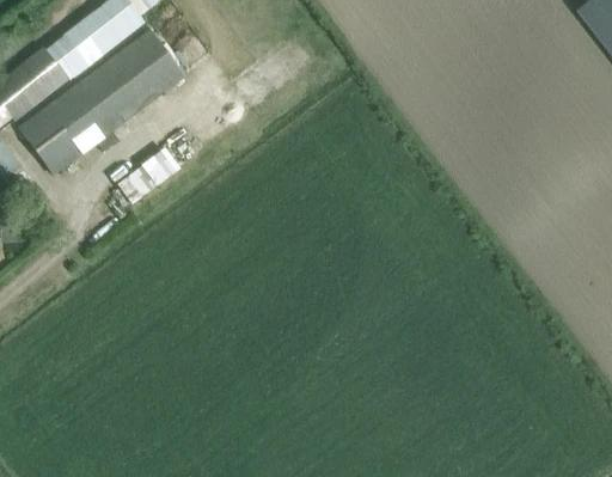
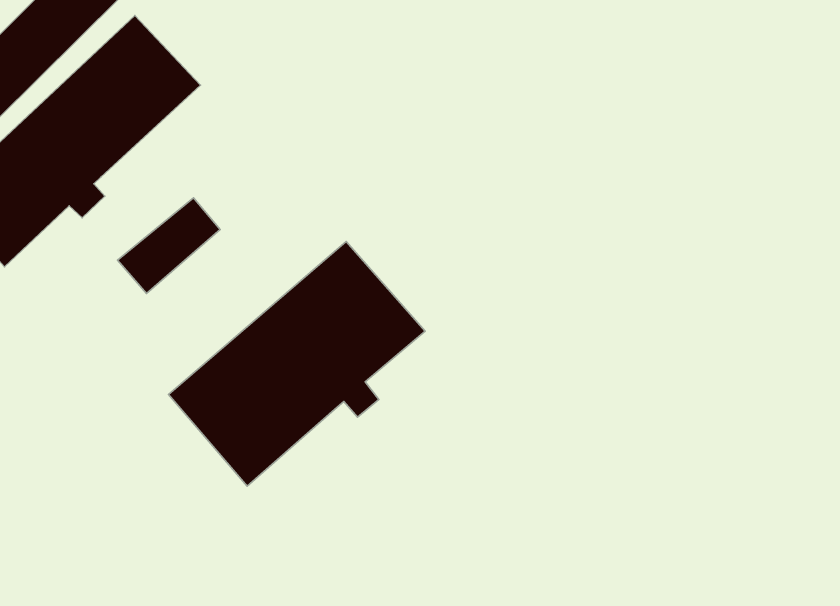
building: none -> [168,241,425,486]

